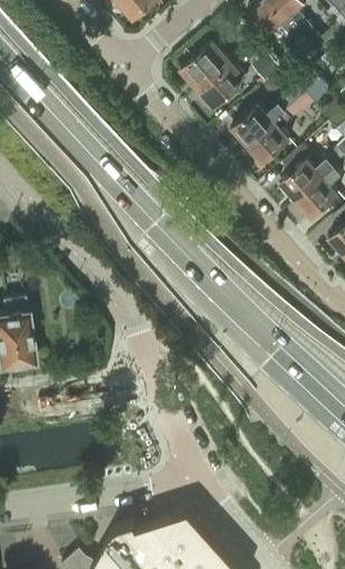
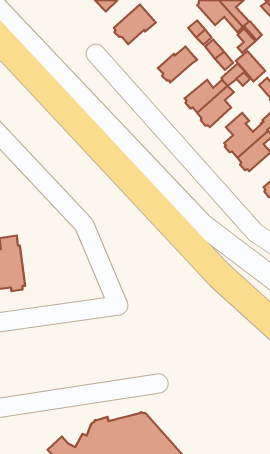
building: [180,40,233,89] -> [114,5,156,44]

